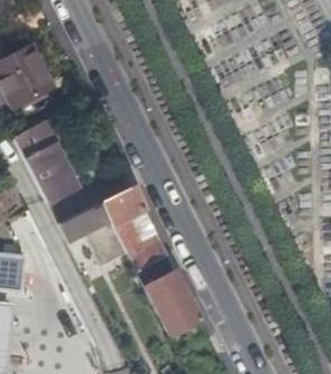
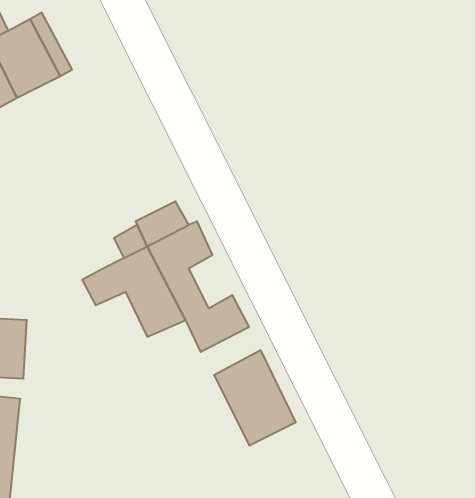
building: [14,119,77,224] -> none

